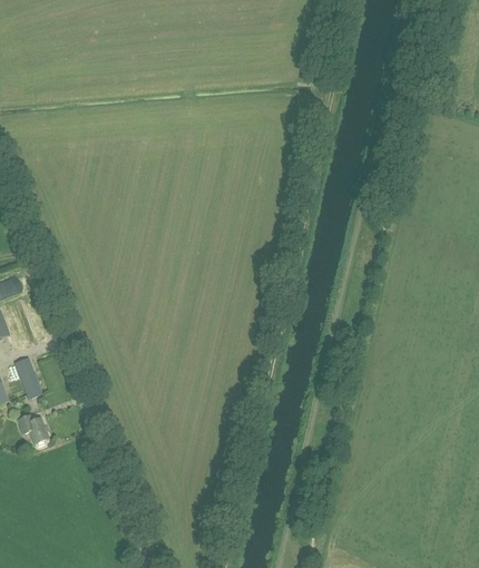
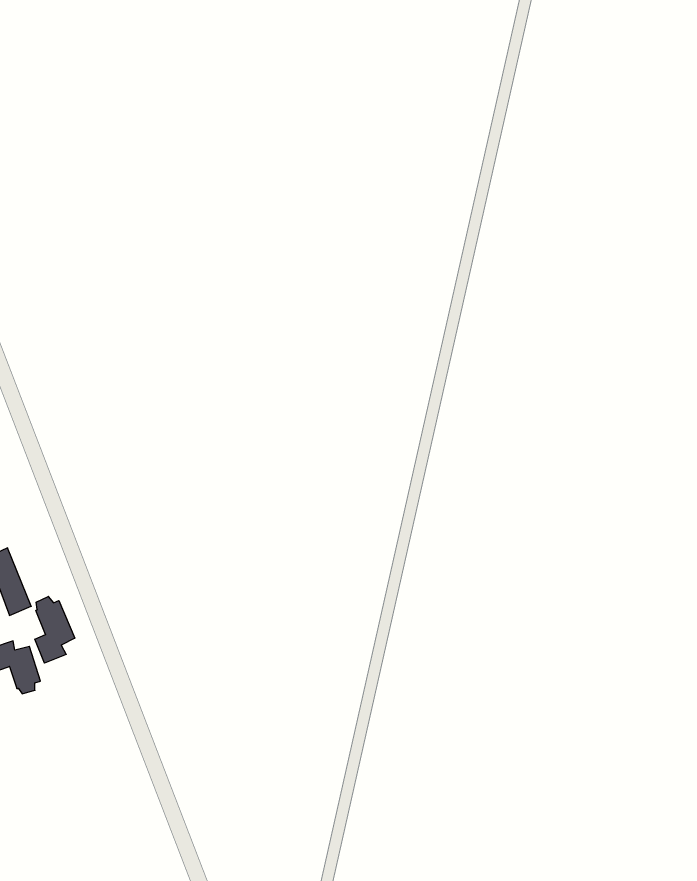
building: none -> [35,596,75,663]

